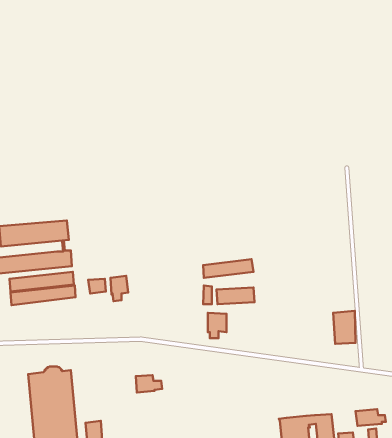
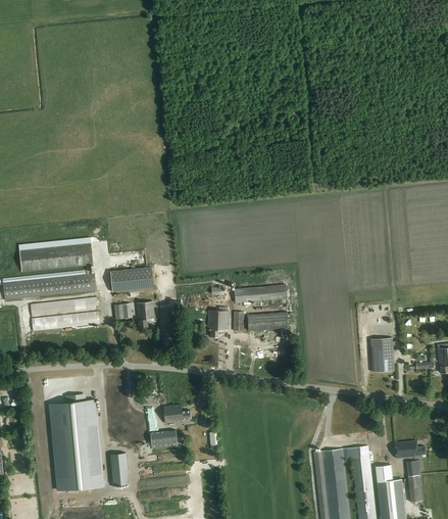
building: none -> [110,267,154,292]
building: [208,313,226,338] -> [208,310,228,336]
building: none -> [150,430,178,449]

